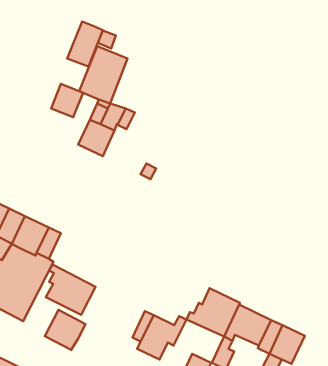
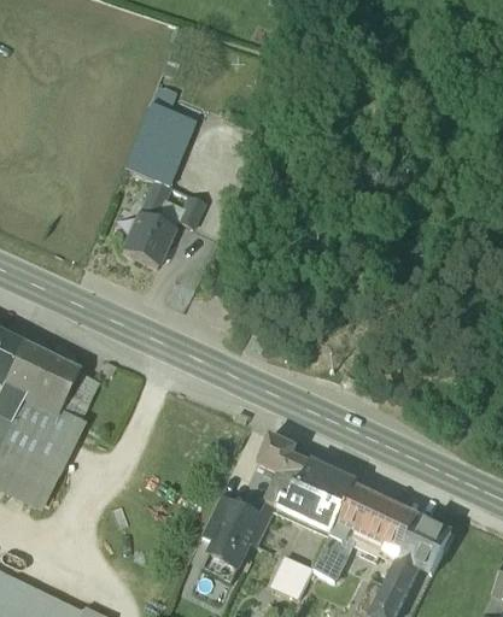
building: [67,21,103,67] -> none
building: [51,84,83,117] -> none
building: [46,265,96,315] -> none
building: none -> [248,435,314,509]
building: [45,310,85,350] -> none

